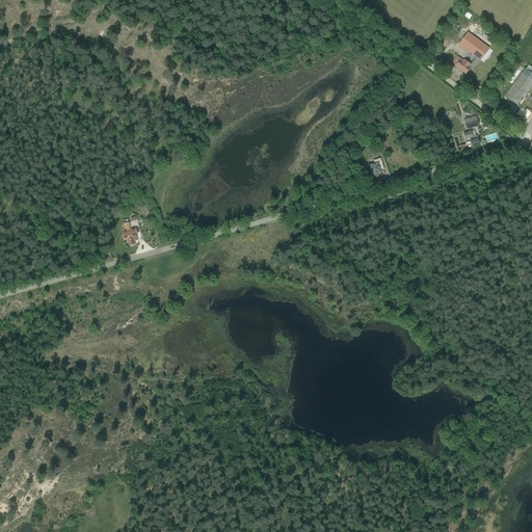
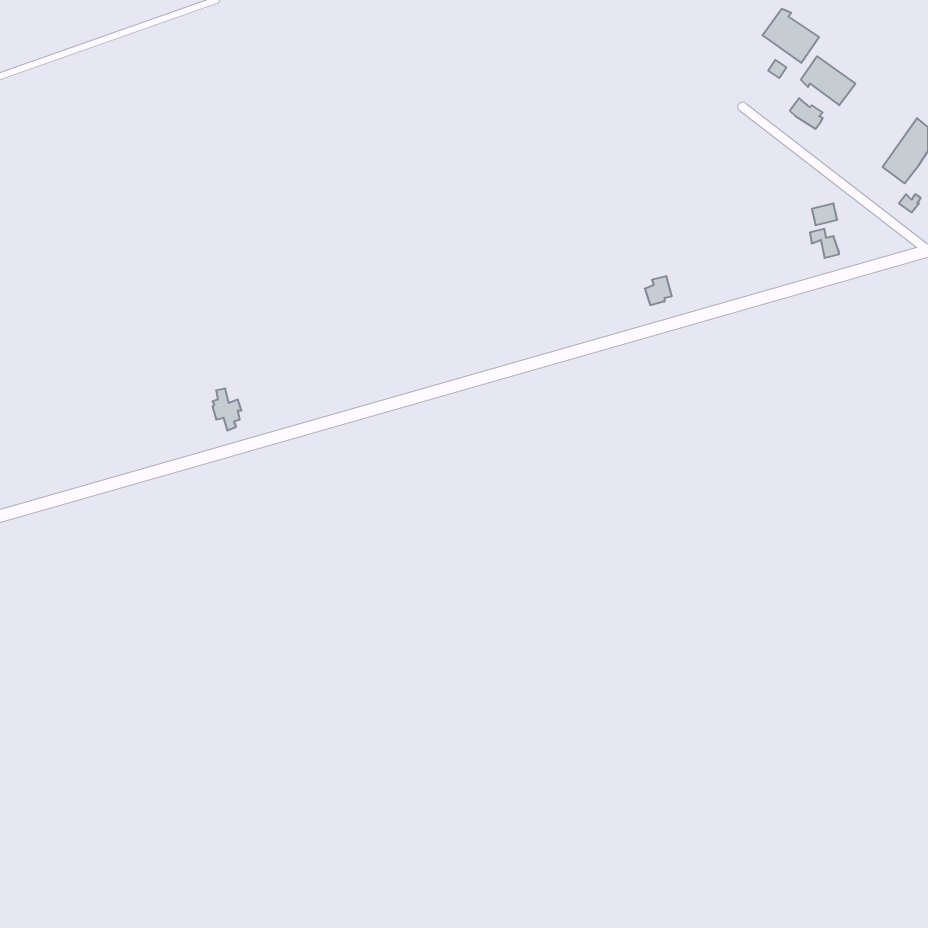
building: none -> [762,9,819,63]

